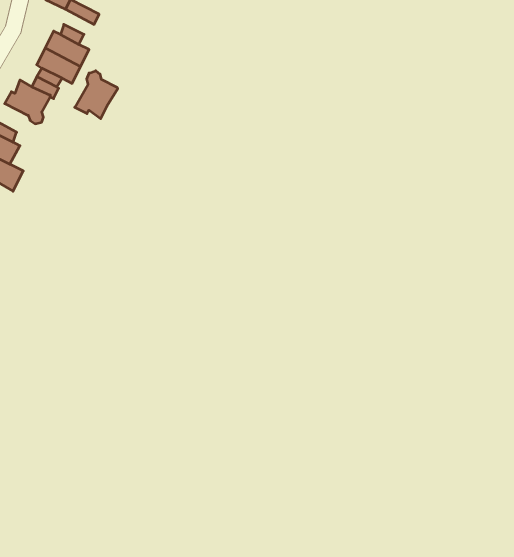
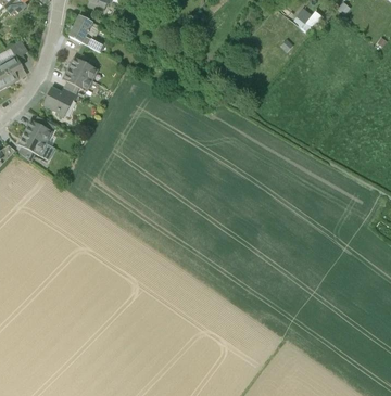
building: [75,71,118,119] -> none

